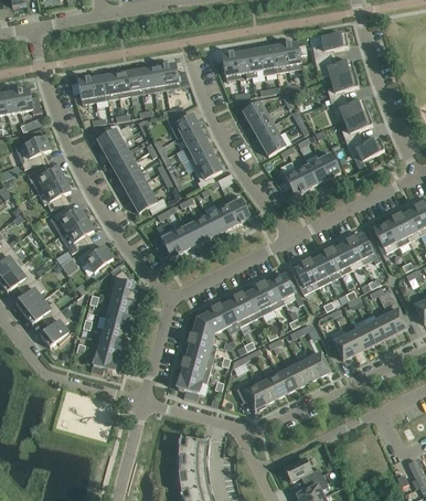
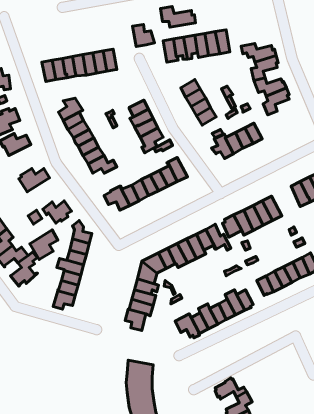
building: none -> [161,6,196,27]
building: [312,31,348,60] -> none
building: [162,61,189,87] -> [132,24,155,47]
building: [166,111,199,136] -> none
building: [347,136,384,159] -> none
building: [38,177,70,207] -> none
building: [60,216,93,252] -> [30,230,58,259]
building: [351,232,381,262] -> none

